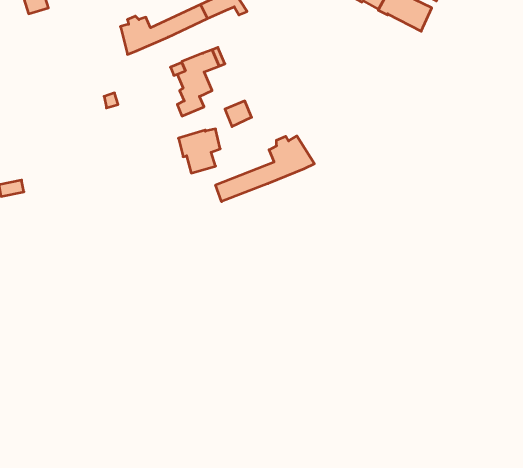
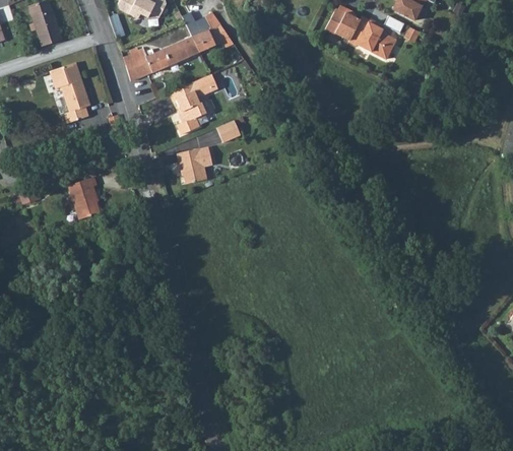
building: none -> [51,64,90,124]
building: [216,136,314,202] -> none
building: none -> [69,177,100,217]

